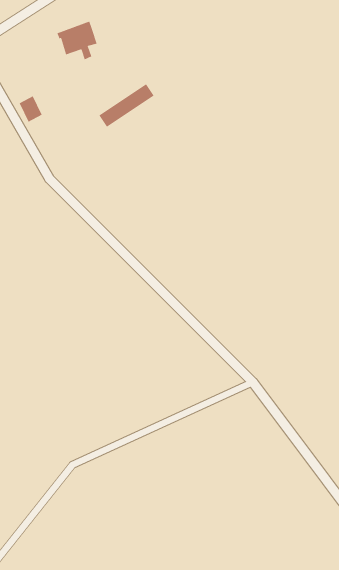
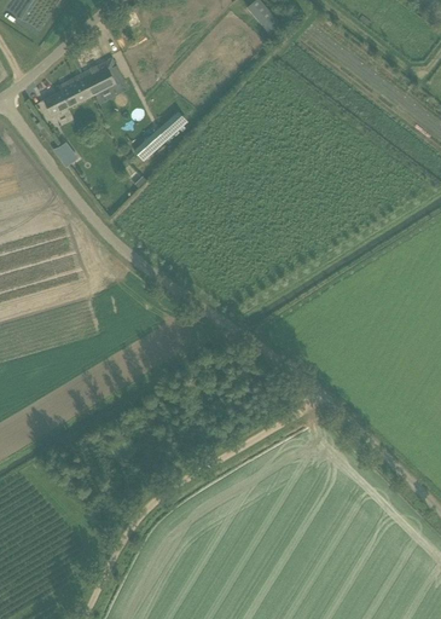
building: none -> [46,73,95,115]

